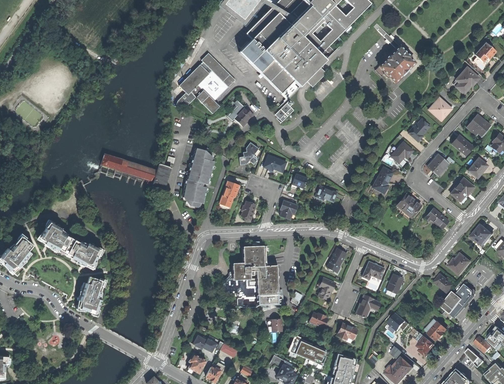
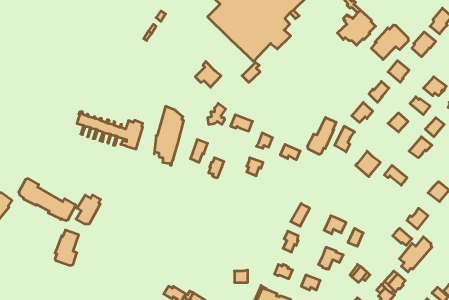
building: [175,53,235,114] -> none
building: none -> [371,25,408,60]
building: none -> [308,117,336,154]
building: none -> [76,195,101,224]
building: [222,244,278,307] -> none

